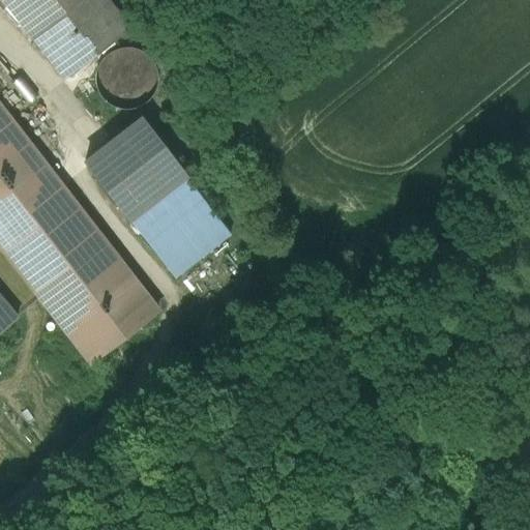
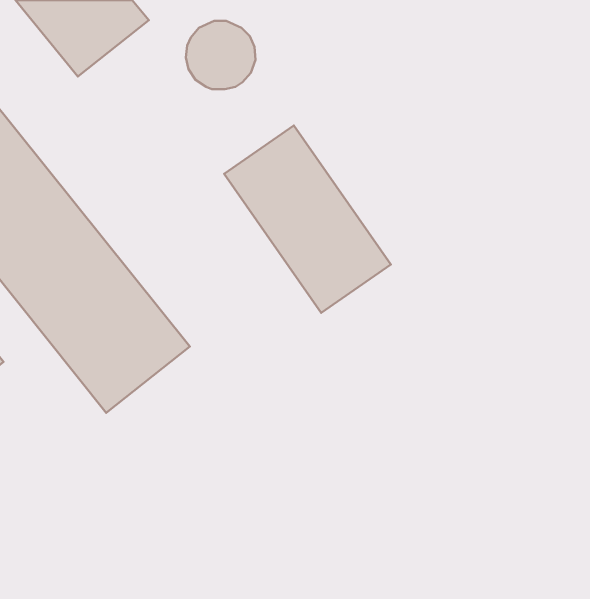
building: [98,43,159,104] -> [186,21,256,89]
building: [77,115,223,279] -> [224,126,391,313]

